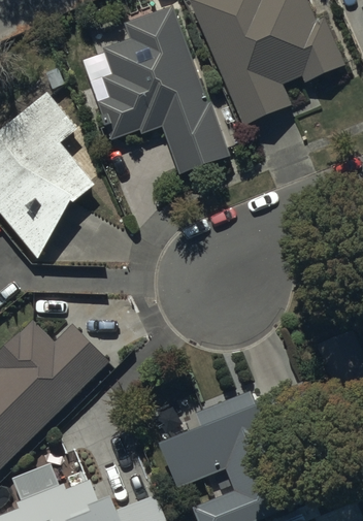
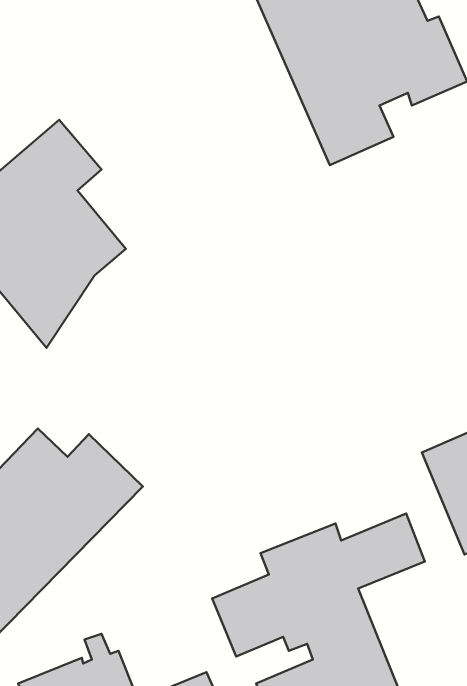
building: [98,22,230,174] -> none

